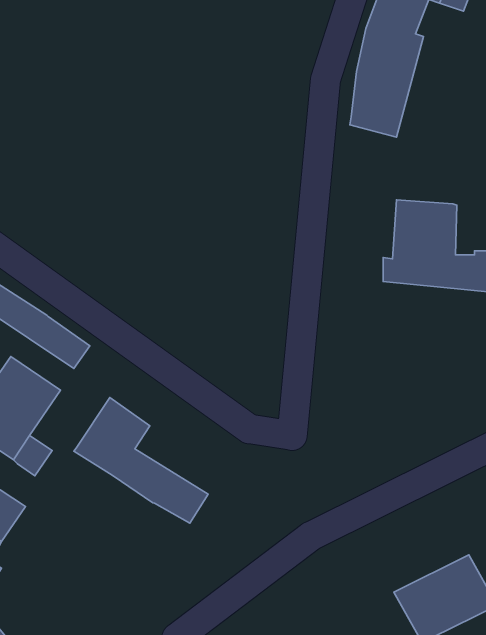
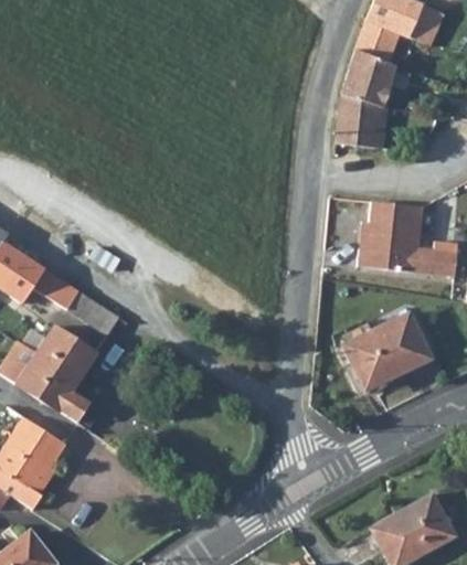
building: none -> [338,313,428,383]
building: [74,398,208,523] -> none

